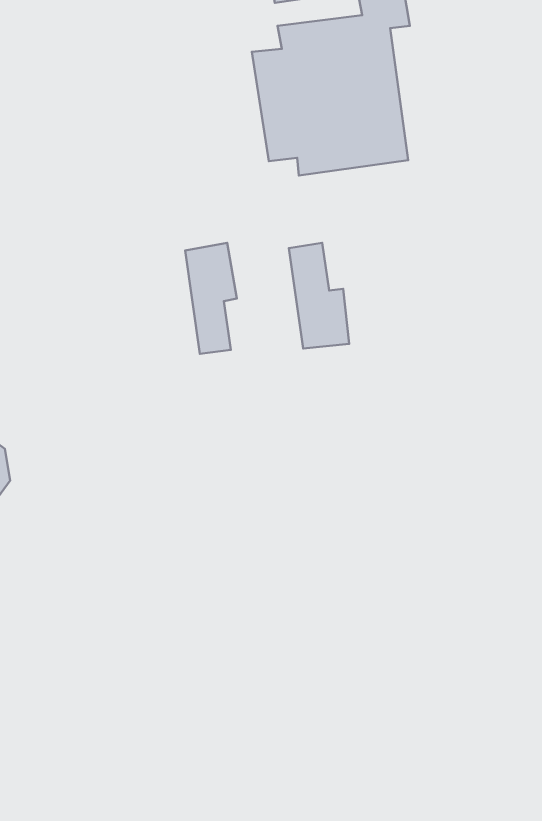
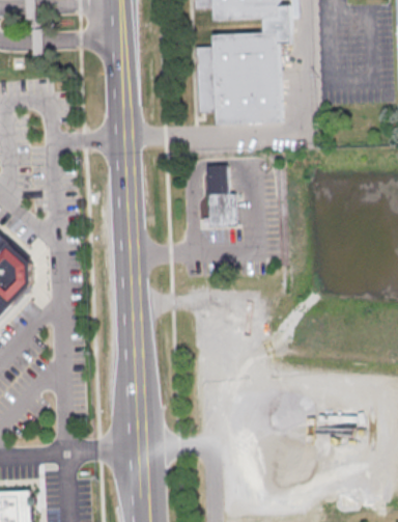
building: [185,243,237,354] -> none

